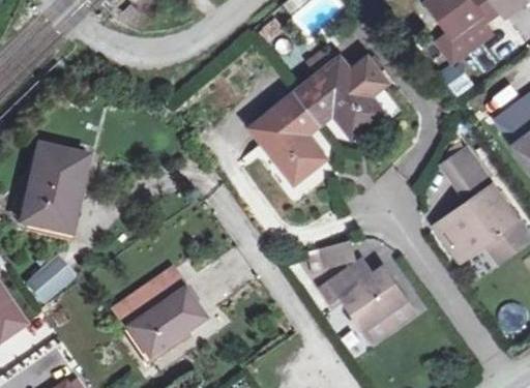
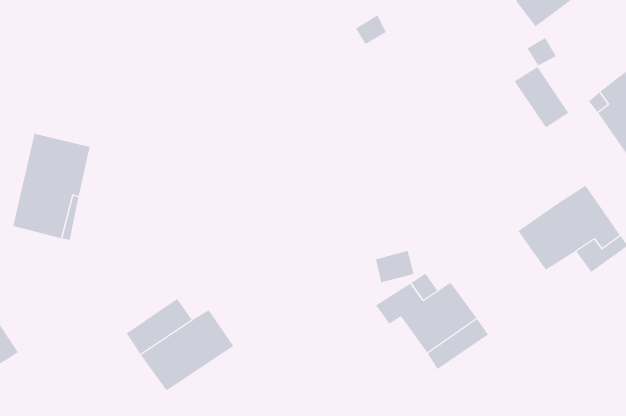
building: [253,59,384,180] -> none
building: [447,150,493,201] -> [514,66,569,128]
building: [27,259,70,301] -> none

